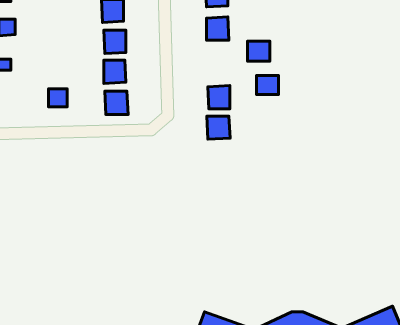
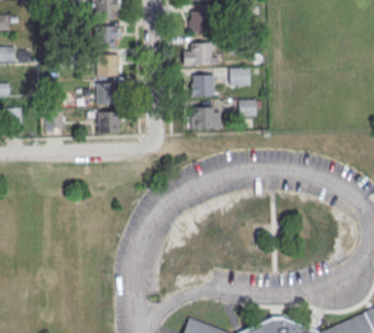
building: [207,116,230,139] -> [193,75,215,97]

